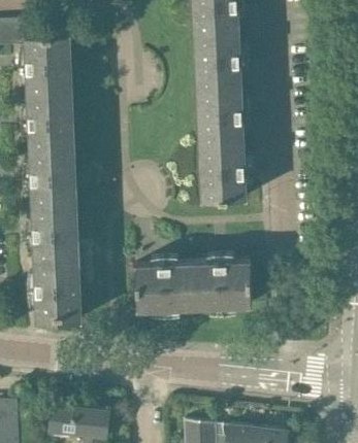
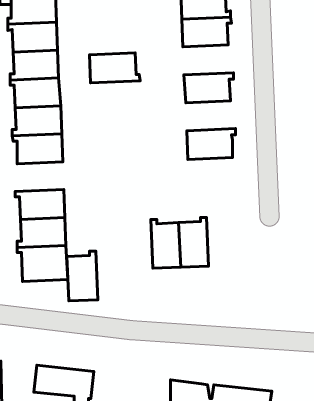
building: [196,87,247,116] -> [90,53,140,83]
building: [199,142,249,172] -> none
building: [28,203,77,233] -> none
building: [220,259,251,307] -> none
building: [135,261,166,310] -> [67,251,98,301]

